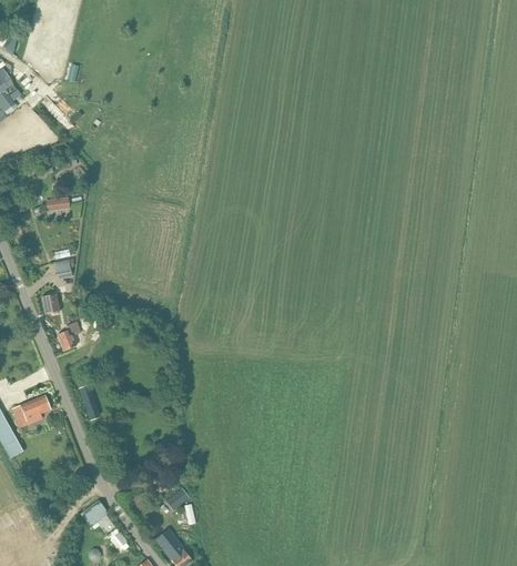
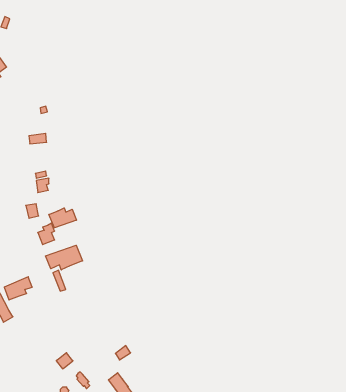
building: none -> [49,208,76,228]
building: none -> [46,245,83,270]

